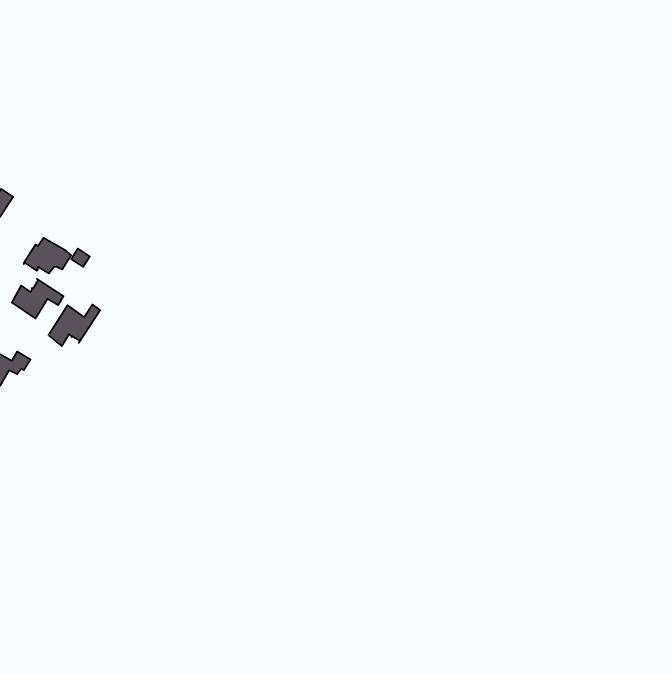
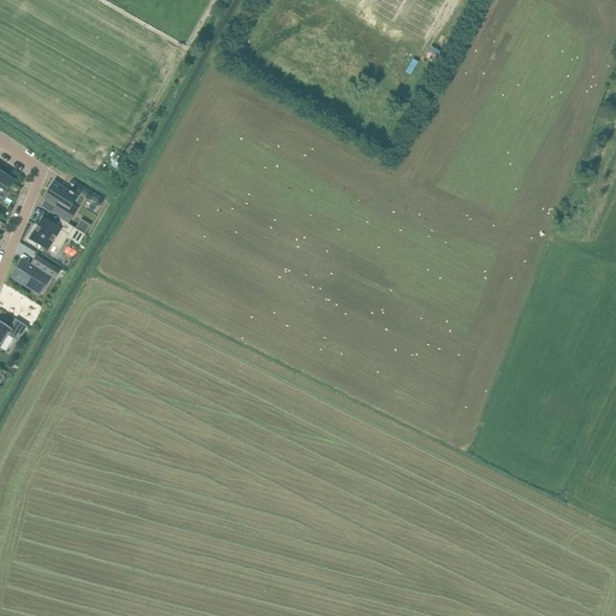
building: none -> [41,180,75,223]
building: [48,304,100,346] -> none

